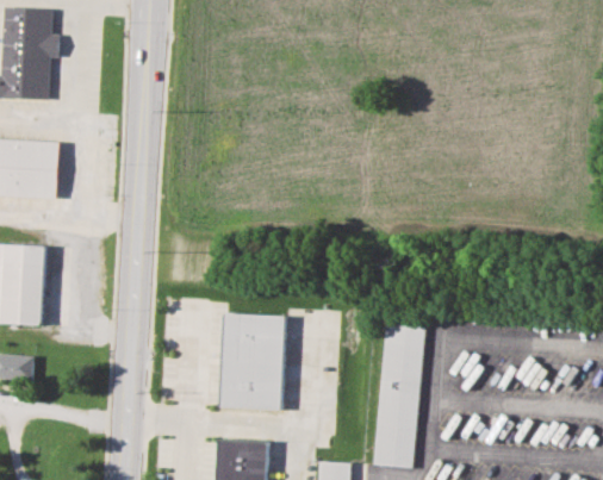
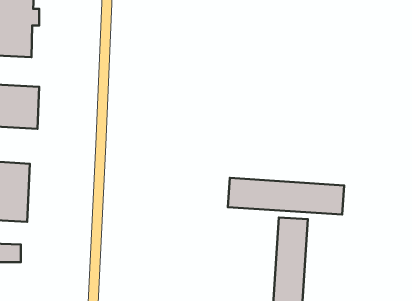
building: none -> [228,178,344,215]
building: [222,314,284,410] -> none

